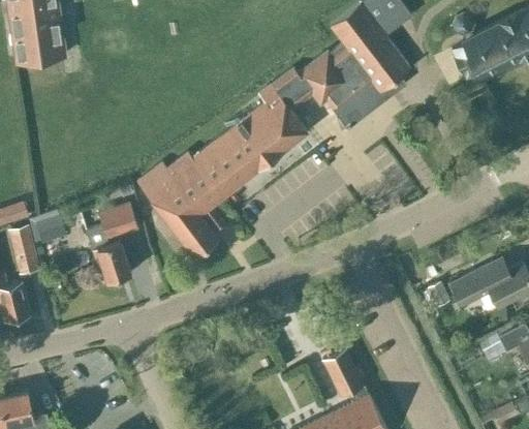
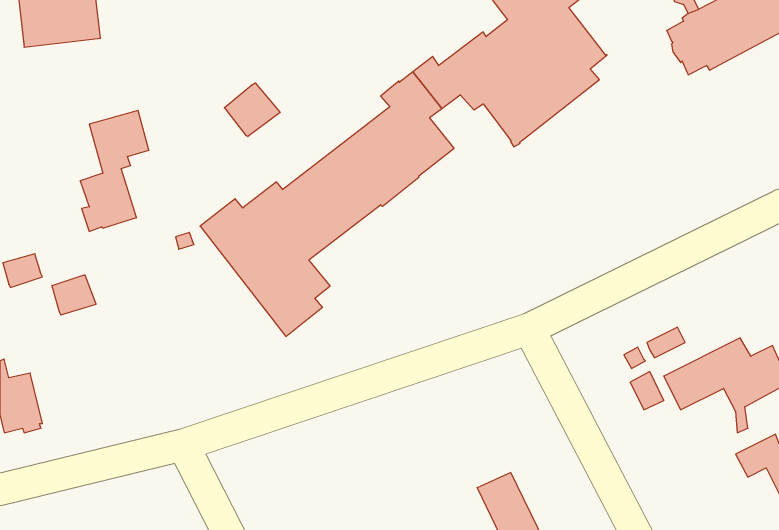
building: none -> [224,83,280,137]
building: [91,204,137,285] -> [80,111,149,231]
building: [6,226,39,277] -> none

